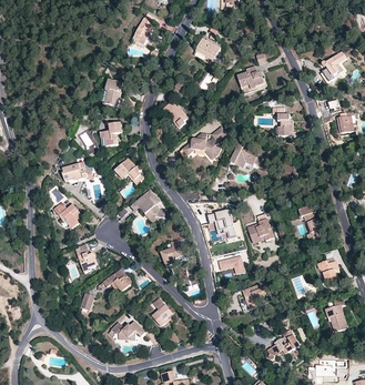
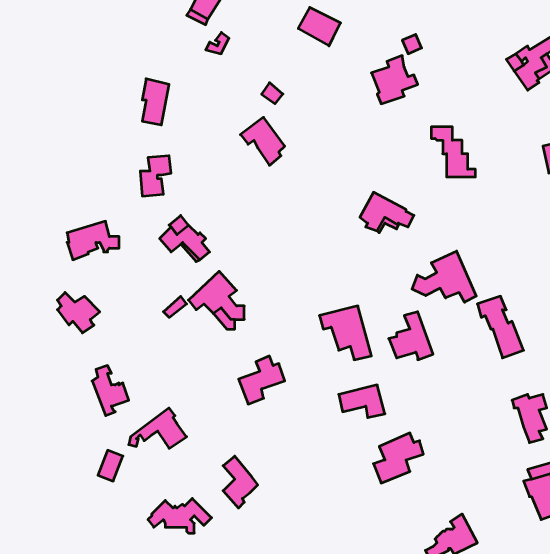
building: [185,125,226,158] -> none
building: none -> [412,251,476,302]

